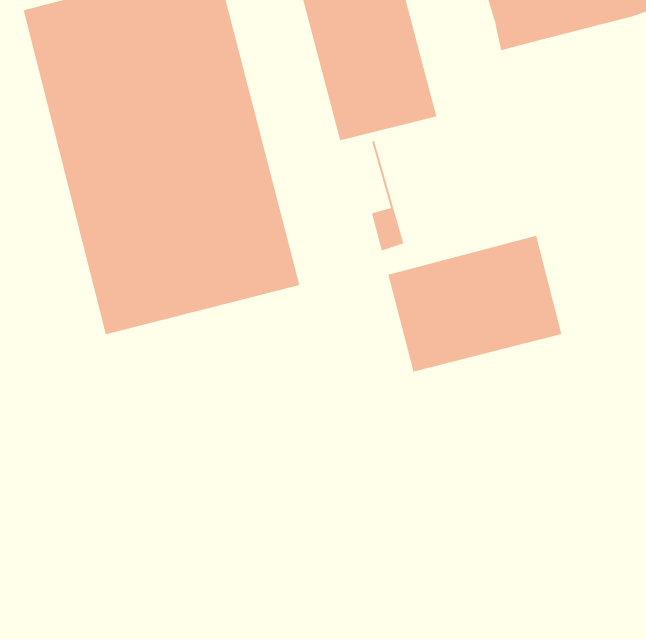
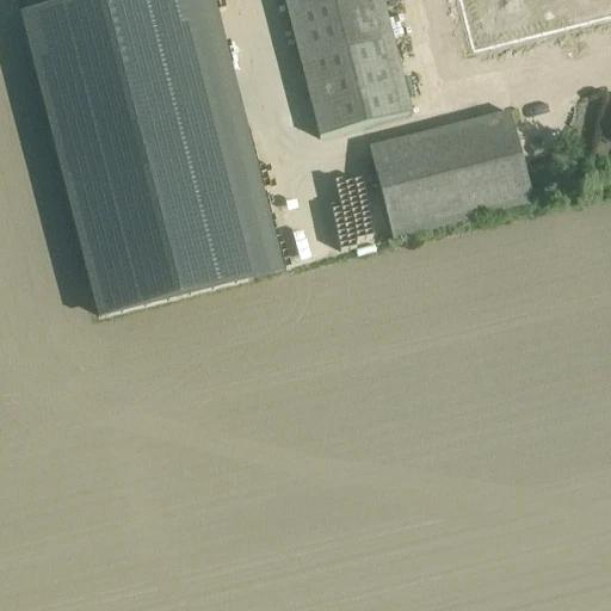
building: [387,235,562,372] -> [370,106,535,235]

